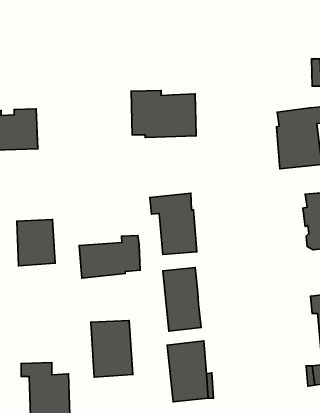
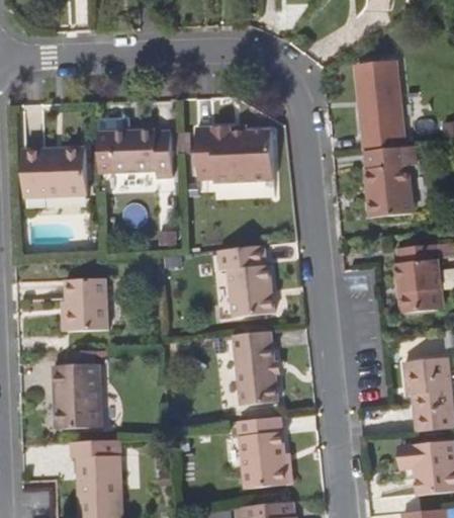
building: none -> [356,59,402,152]
building: none -> [108,128,171,177]
building: [79,236,140,278] -> none
building: [91,321,133,377] -> [52,364,100,430]

